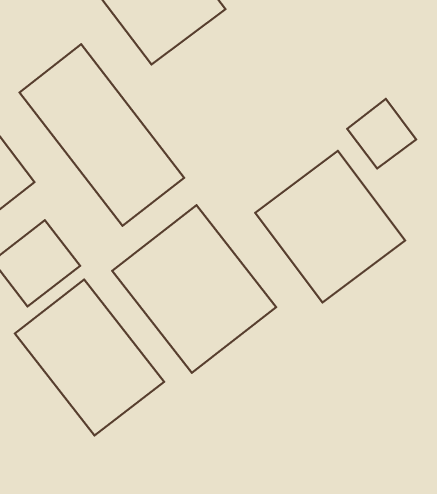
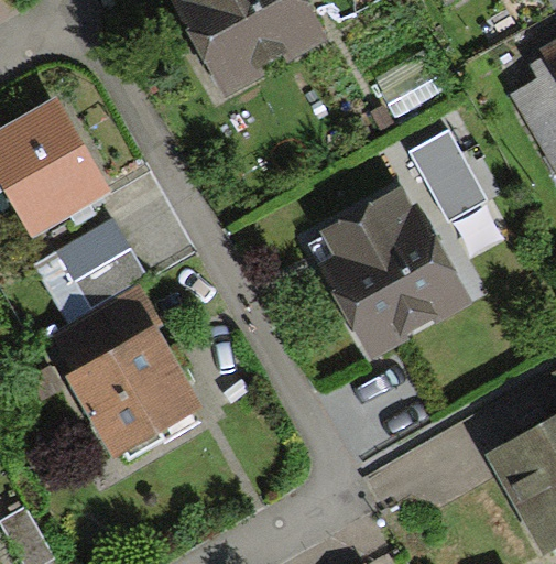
building: [19,44,184,226] -> none
building: [112,205,276,373] -> none

